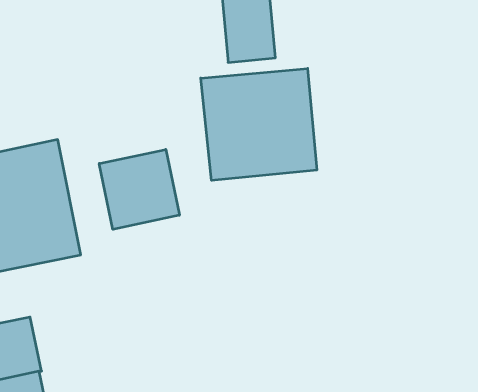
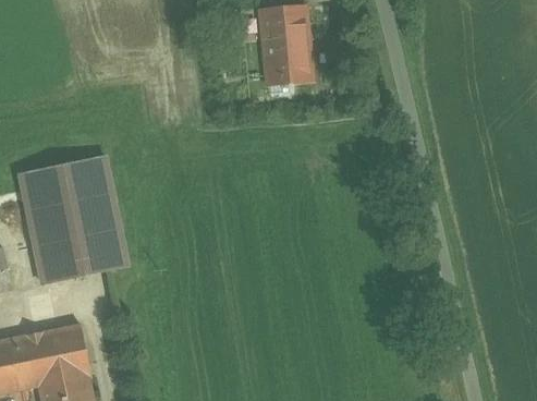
building: [201,68,317,180] -> none
building: [99,149,179,229] -> none

